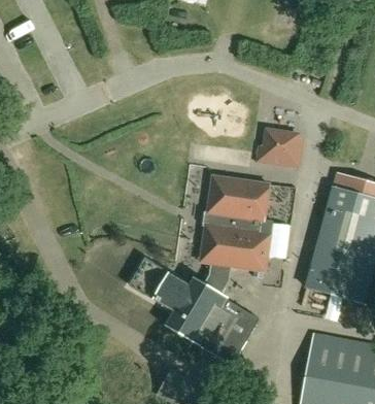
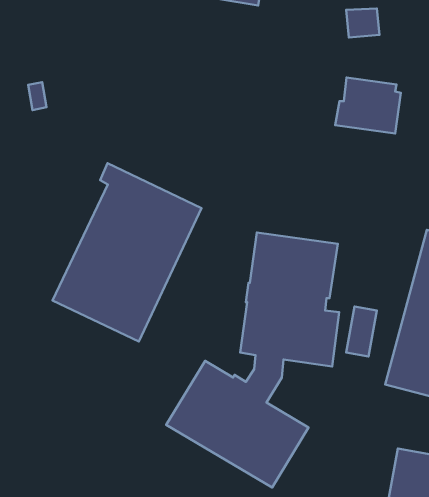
building: none -> [53,163,202,342]
building: [254,127,303,168] -> [335,78,401,133]

